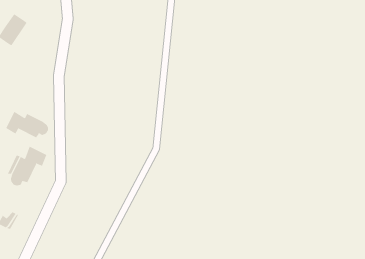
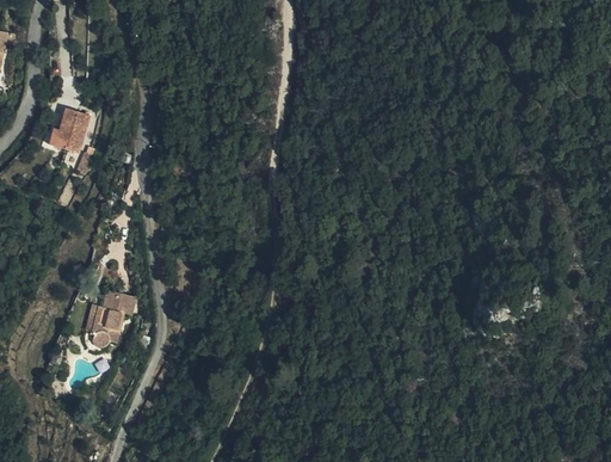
building: [5,111,49,138] -> none

